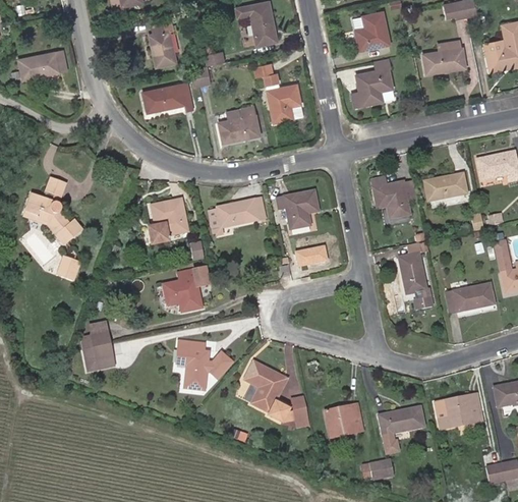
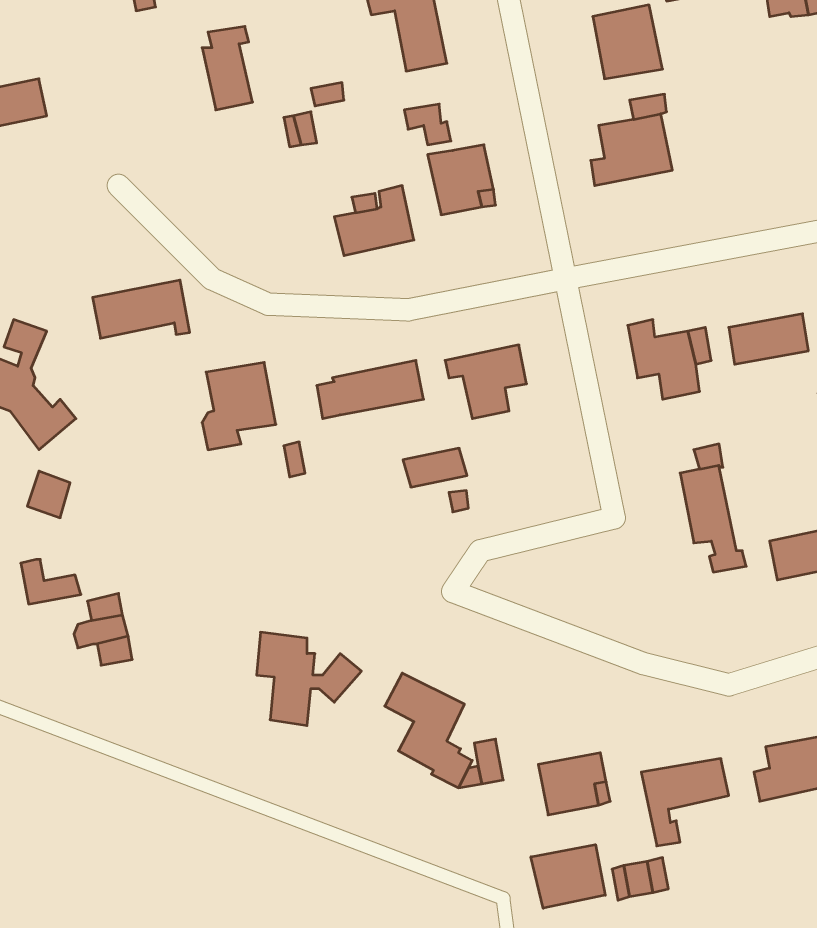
building: [422,40,465,74] -> none
building: [141,81,192,112] -> [93,280,190,338]
building: [294,245,328,266] -> [403,448,467,487]
building: [164,267,209,311] -> none
building: [83,346,115,370] -> [21,559,81,604]
building: none -> [531,845,605,908]

